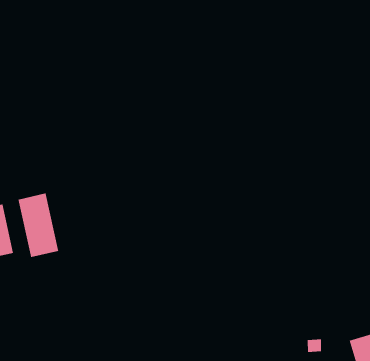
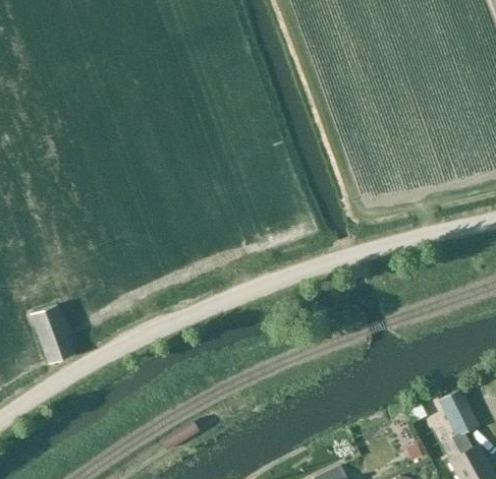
building: [18,193,59,258] -> none

